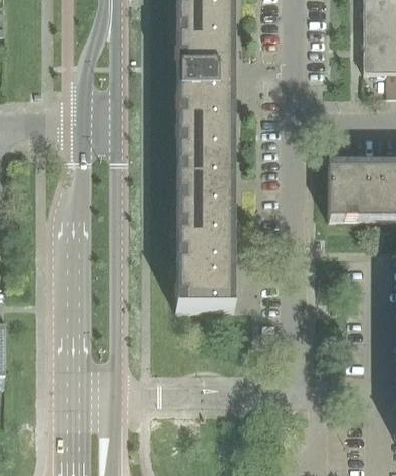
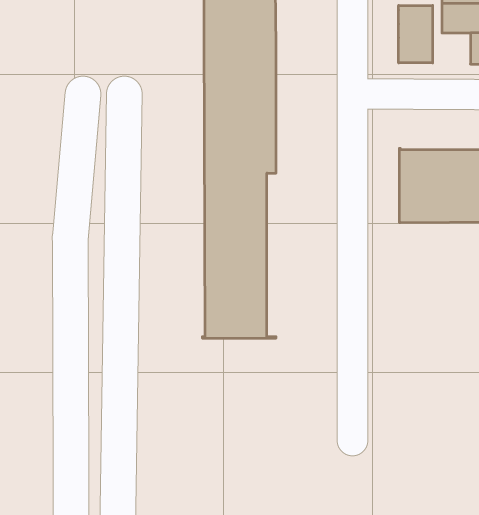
building: none -> [399,5,433,63]

